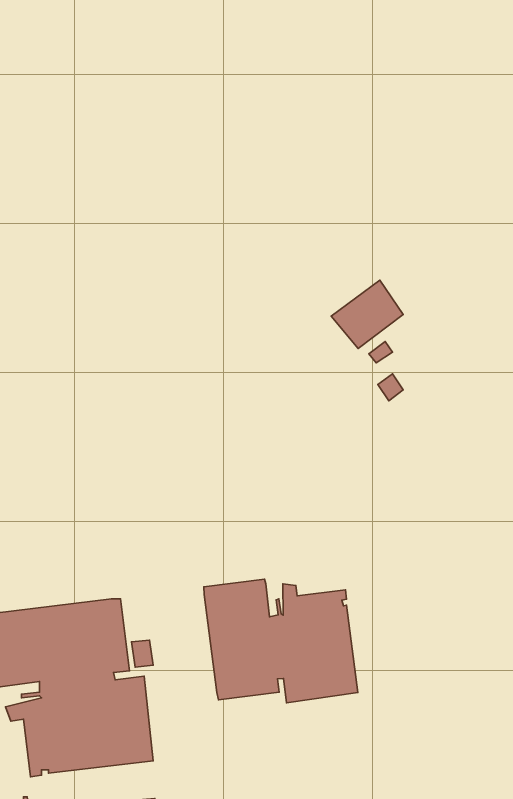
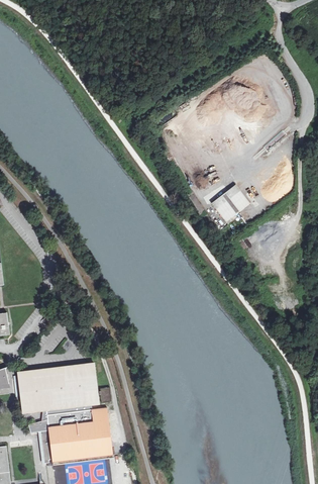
building: [204,579,358,703] -> none

